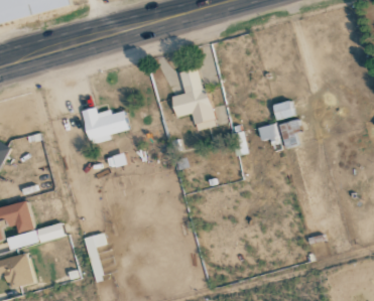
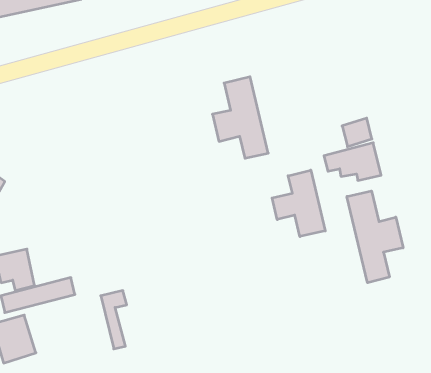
building: [81,107,128,144] -> none
building: none -> [272,170,325,237]
building: none -> [347,191,403,283]

